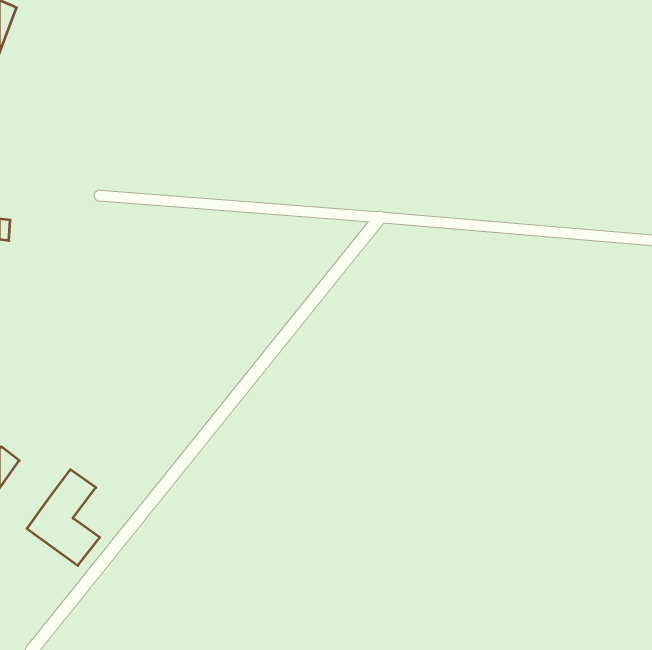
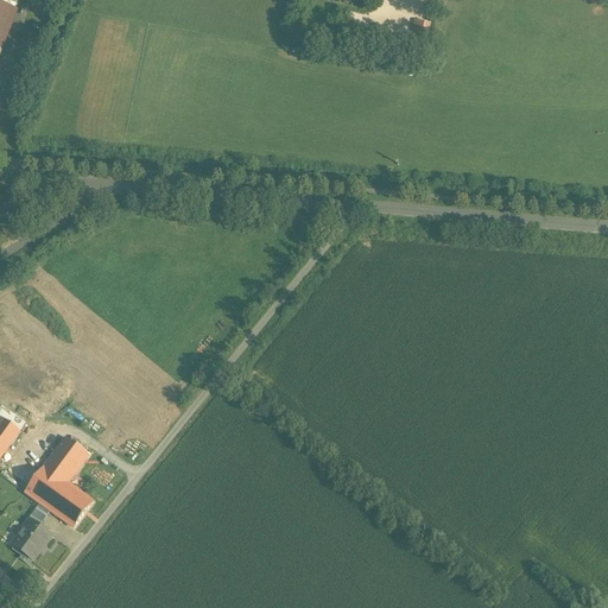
building: none -> [12,517,52,558]

